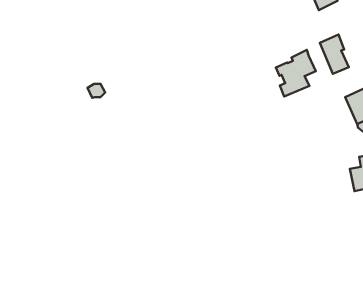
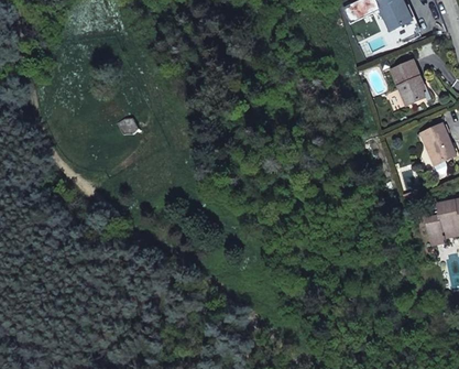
building: [276,50,316,97] -> none

